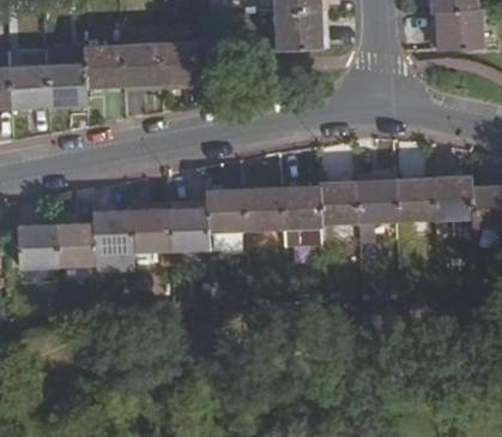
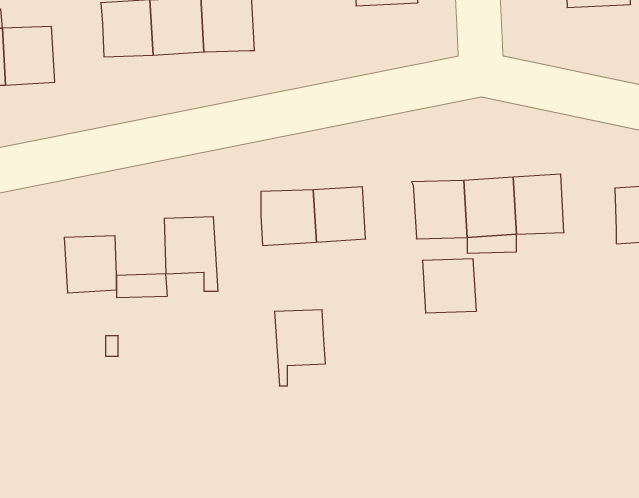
building: [47,62,87,107] -> none
building: [431,174,473,221] -> none
building: [282,185,322,226] -> [422,259,476,313]
building: [169,208,207,265] -> [275,310,325,386]
building: [95,210,133,253] -> none
building: [18,225,59,269] -> none

